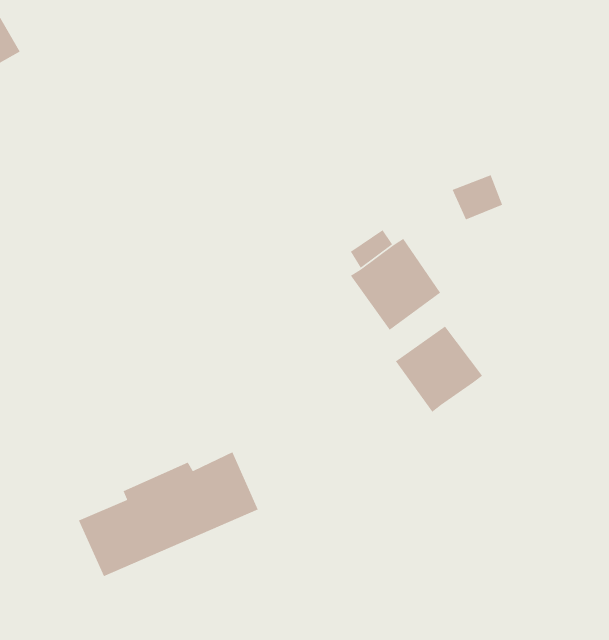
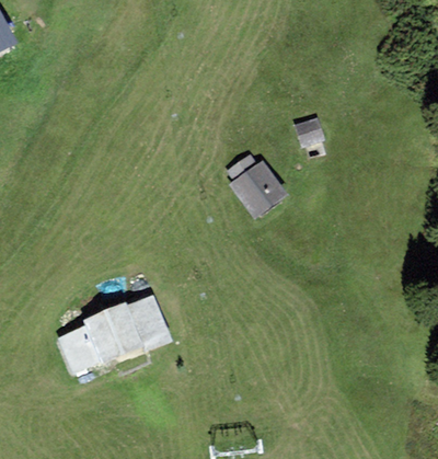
building: [395,326,483,413] -> none

